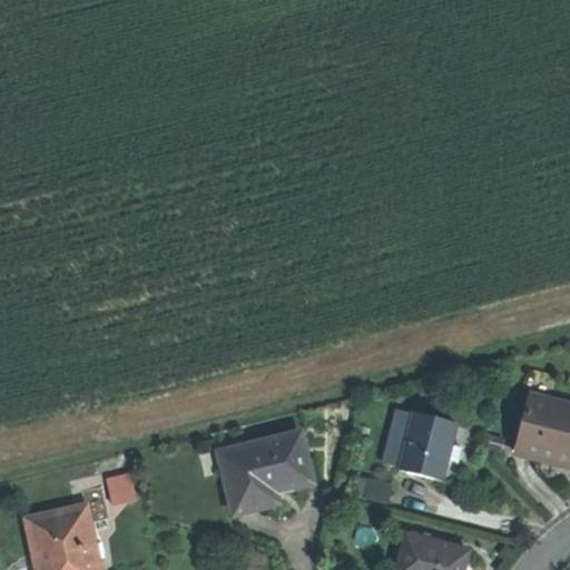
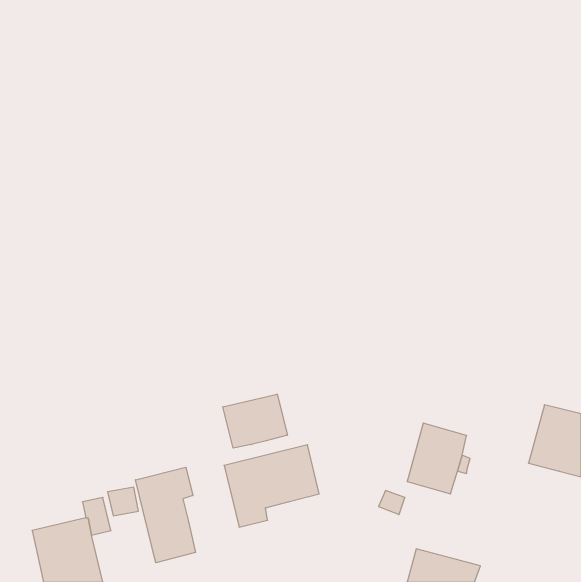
building: none -> [223,394,287,448]
building: none -> [136,467,196,563]

